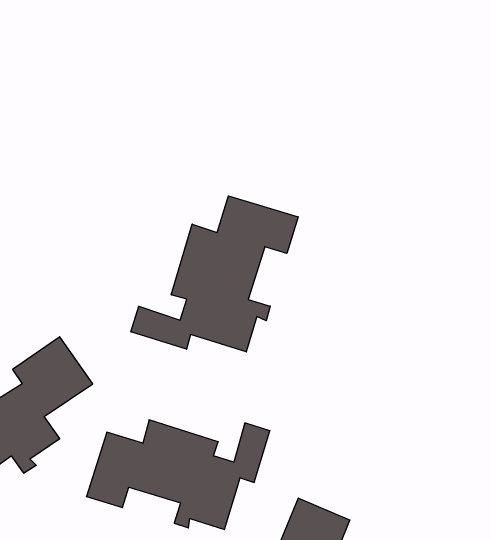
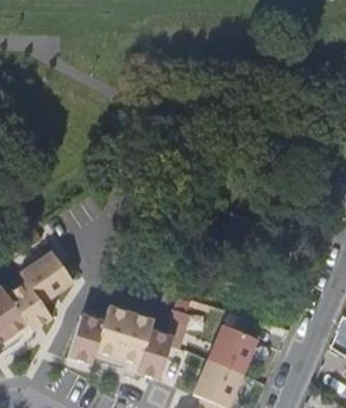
building: [131,196,298,352] -> none
building: none -> [209,323,258,372]

